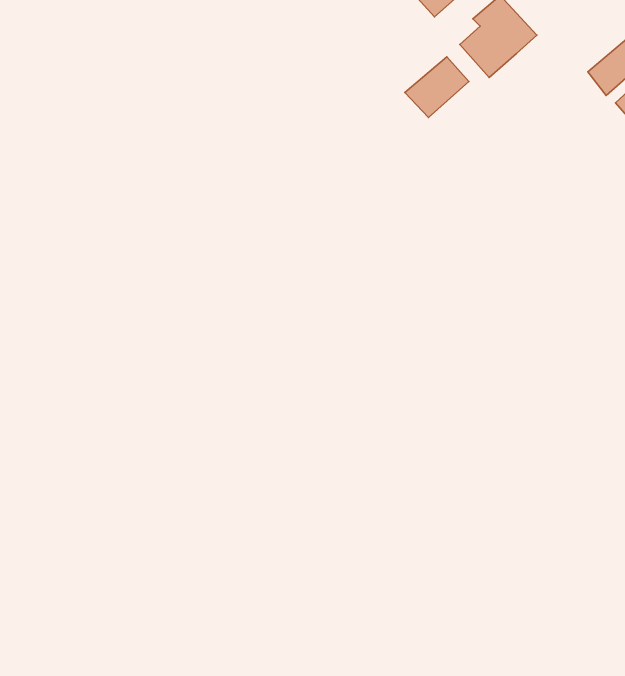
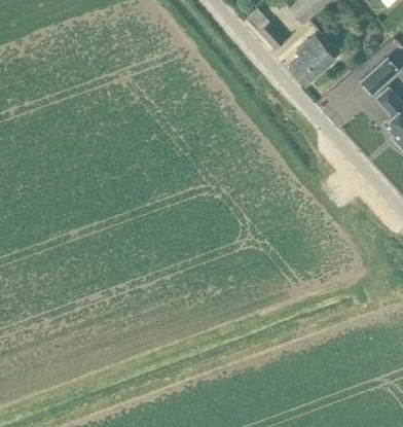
building: [405,57,469,117] -> none

